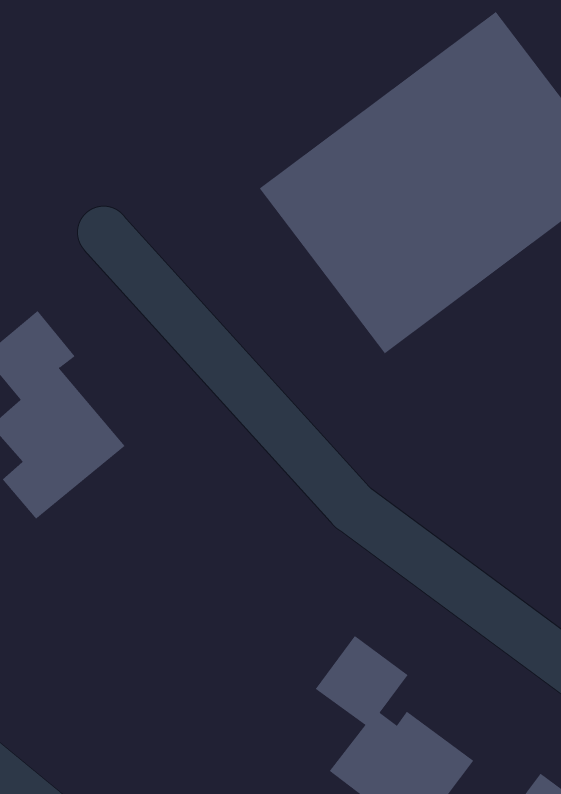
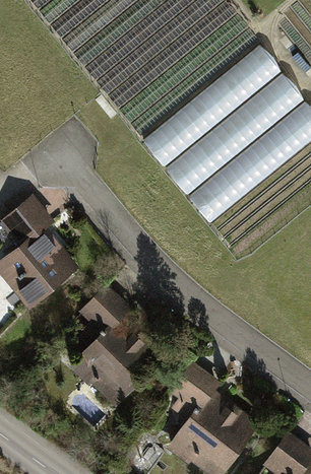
building: none -> [80,286,157,399]

